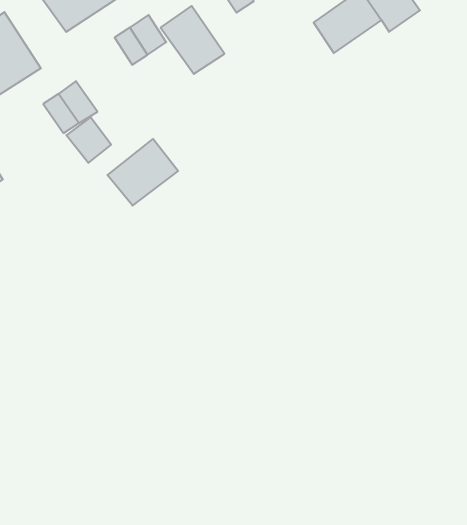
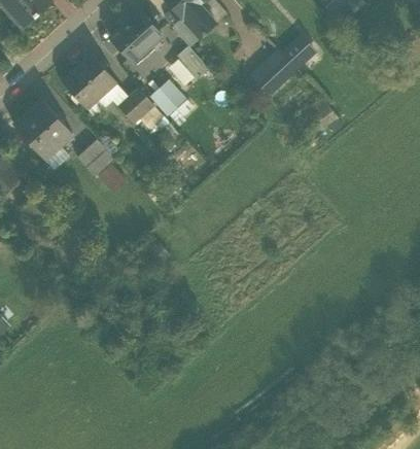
building: [107,139,178,206] -> none

